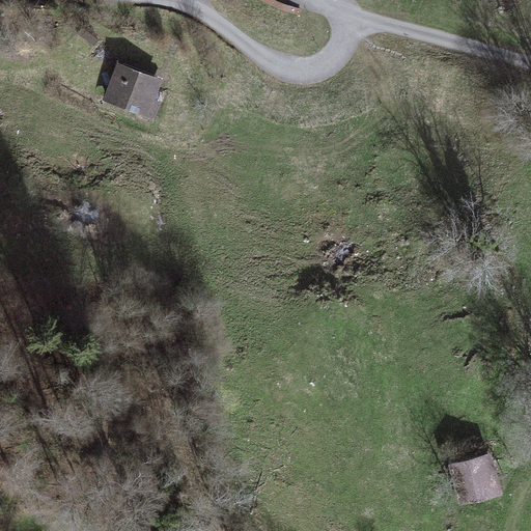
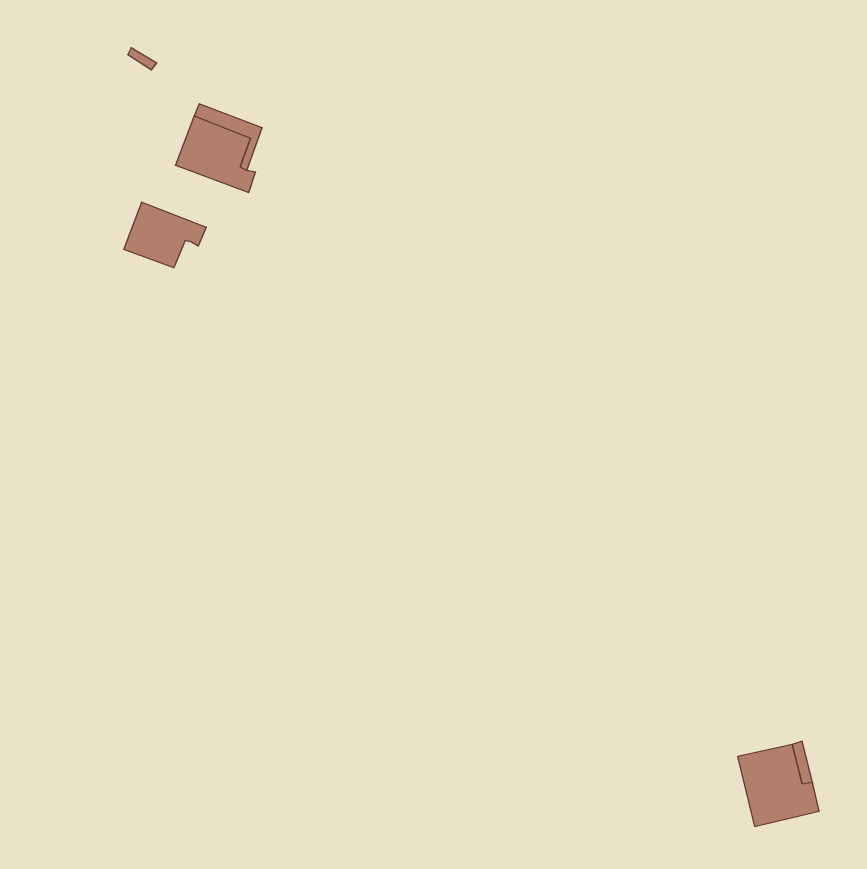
building: none -> [124,202,206,268]

